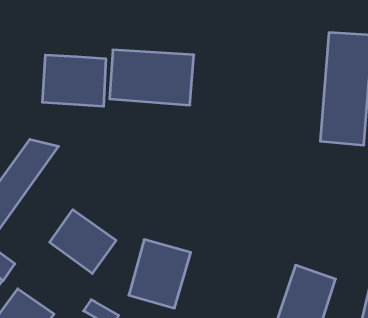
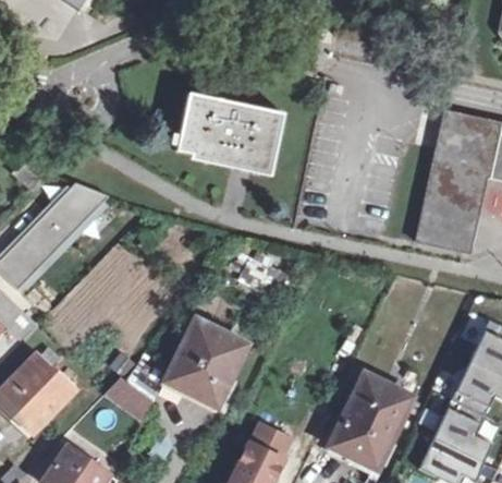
building: [42,55,106,106] -> none
building: [50,210,116,274] -> none

